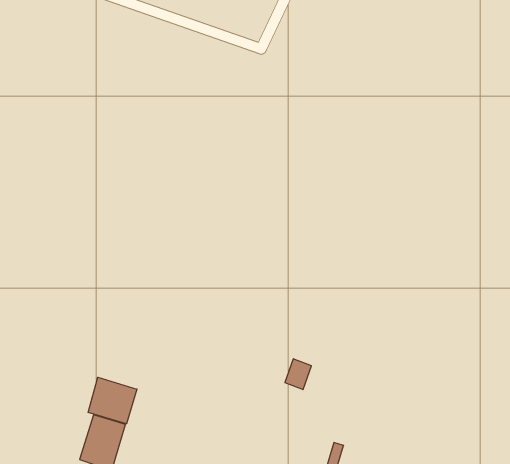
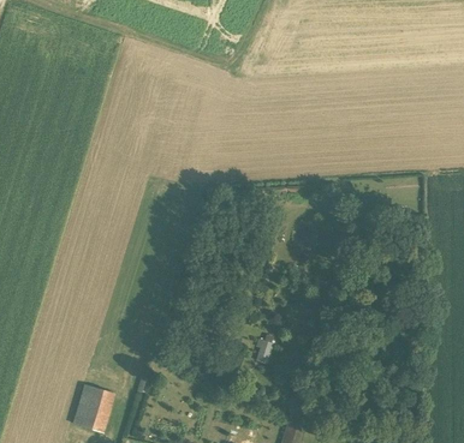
building: [88,377,137,424] -> none

